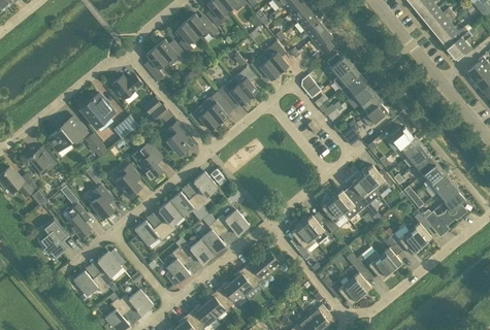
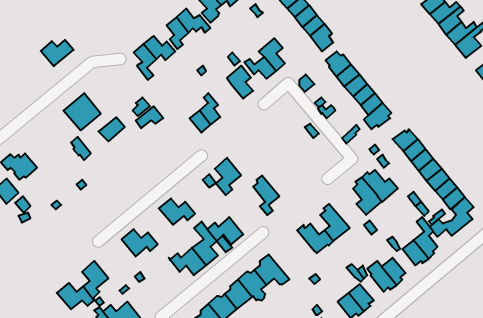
building: [111,74,142,99] -> [41,40,74,66]
building: [219,78,249,105] -> none
building: [167,123,190,155] -> none
building: [46,124,88,153] -> none
building: [137,142,161,179] -> none
building: [115,164,140,197] -> none
building: [193,171,218,206] -> [215,158,241,195]
building: [90,185,113,219] -> none
building: [329,190,364,221] -> none
building: [158,201,183,235] -> none
building: [67,203,90,237] -> none
building: [38,219,67,258] -> none
building: [291,222,316,259] -> [253,176,279,215]
building: [165,248,190,284] -> none

